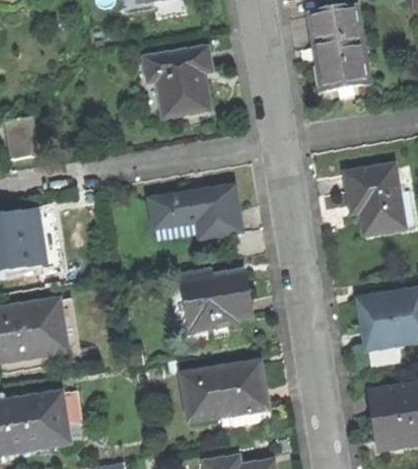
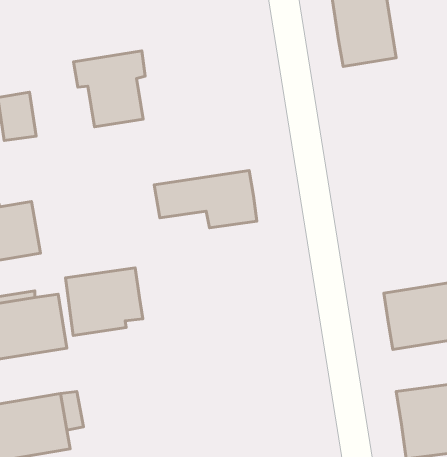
building: [143,46,209,116] -> [74,51,145,127]
building: [344,162,403,232] -> none
building: [181,271,252,333] -> [66,268,143,335]
building: [178,362,266,423] -> none

